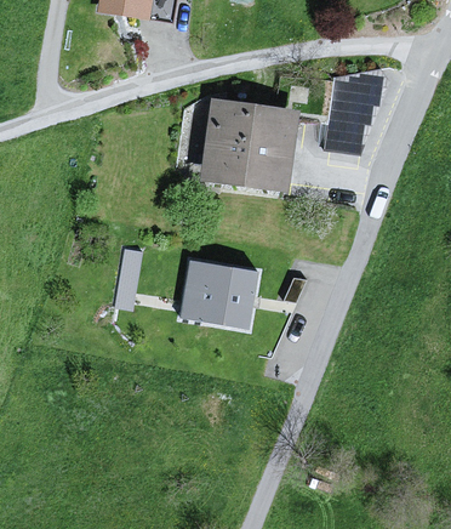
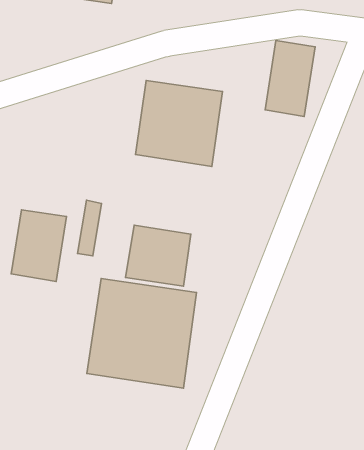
building: none -> [11,210,67,282]
building: none -> [87,278,197,388]

